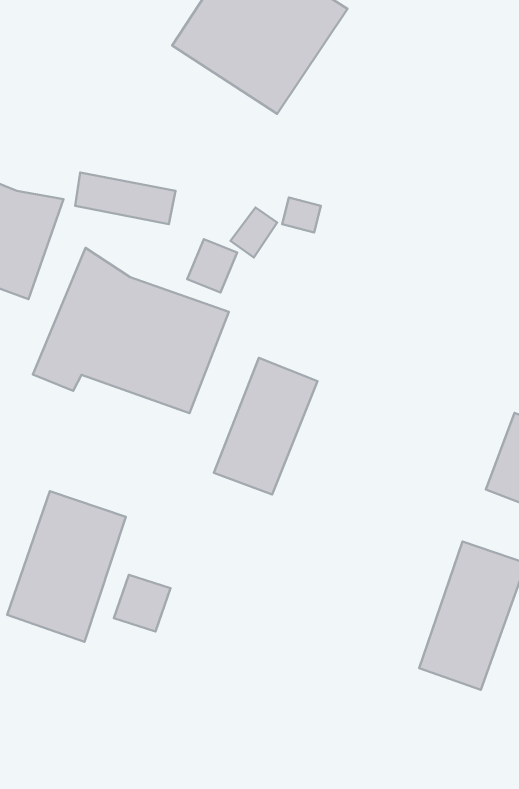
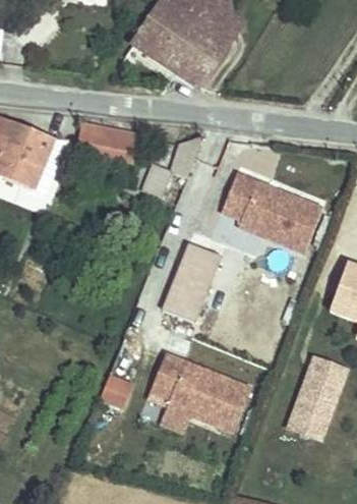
building: [33,248,229,413] -> none
building: none -> [220,176,320,256]
building: [7,491,126,642] -> none
building: none -> [145,355,246,435]

